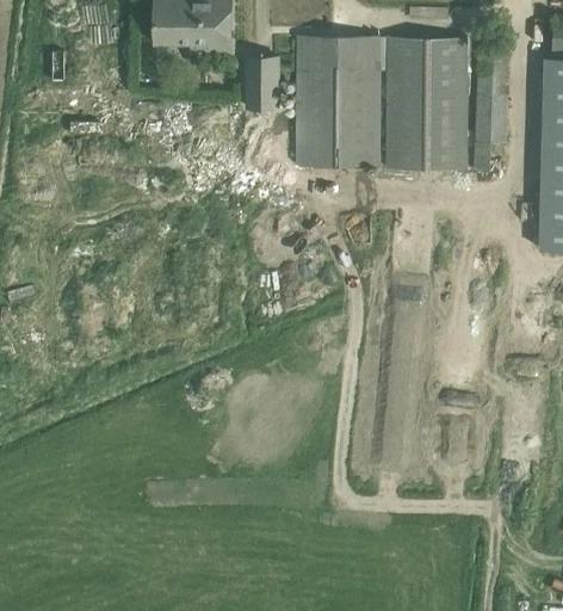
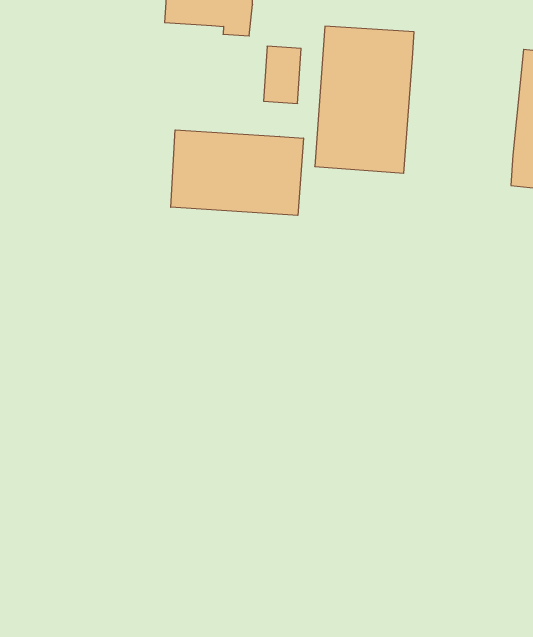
building: [388,37,466,169] -> none
building: none -> [171,130,303,215]

